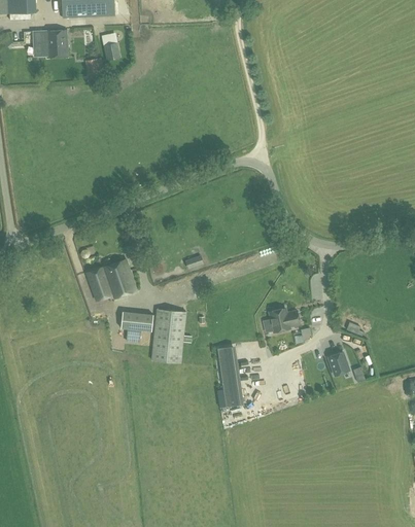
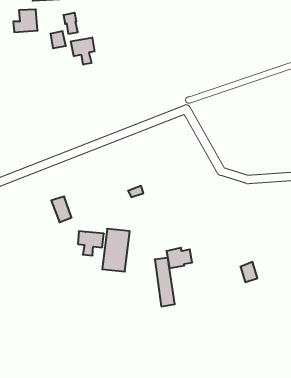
building: none -> [71,37,94,65]
building: [102,258,136,298] -> none
building: [269,307,302,332] -> [166,248,192,268]

